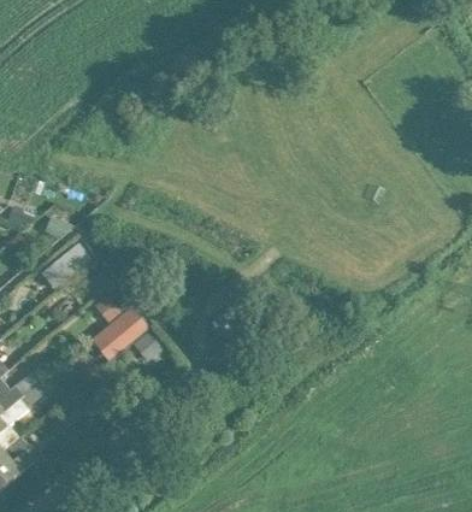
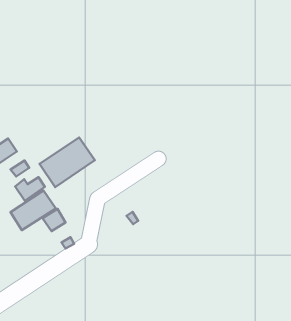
building: none -> [40,138,95,187]

